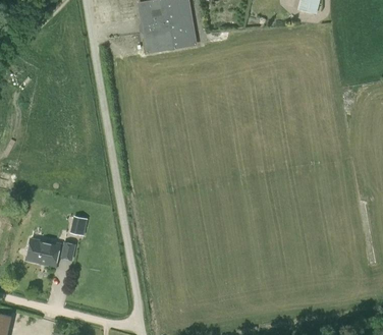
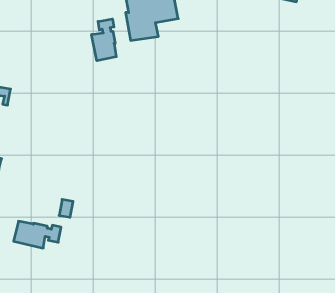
building: none -> [92,19,116,61]

